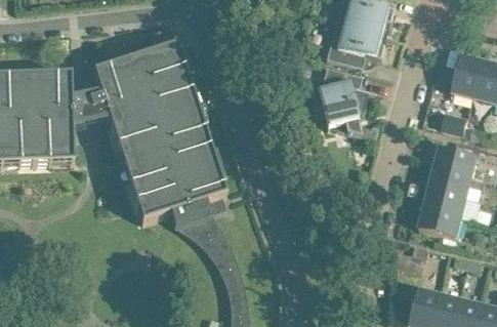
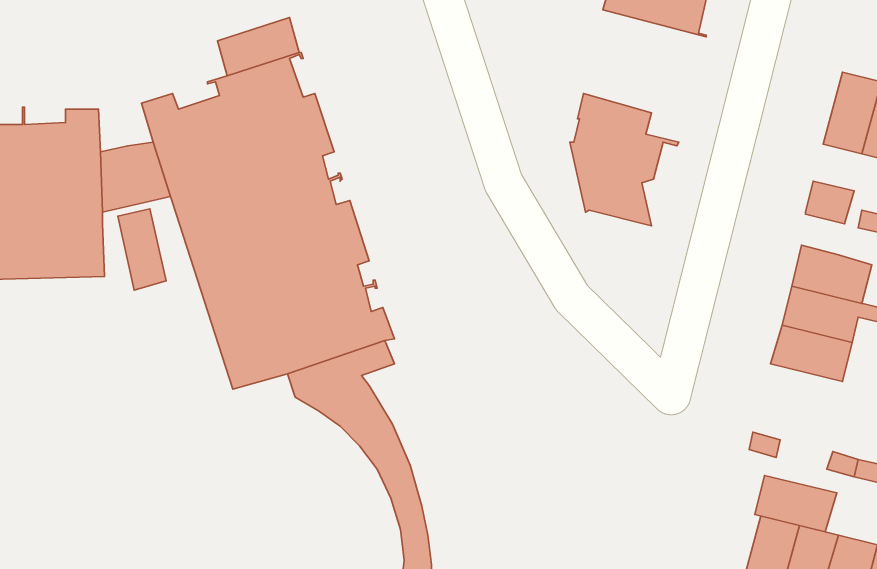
building: [326,22,390,72] -> none
building: none -> [118,209,166,290]
building: [419,208,462,238] -> [755,475,837,532]

